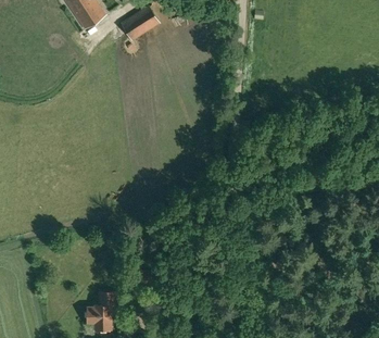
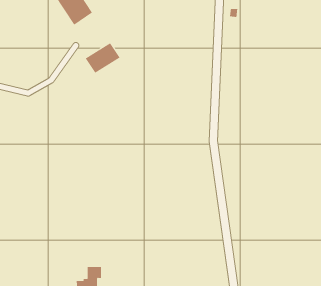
building: [121,8,160,41] -> [85,43,121,74]

